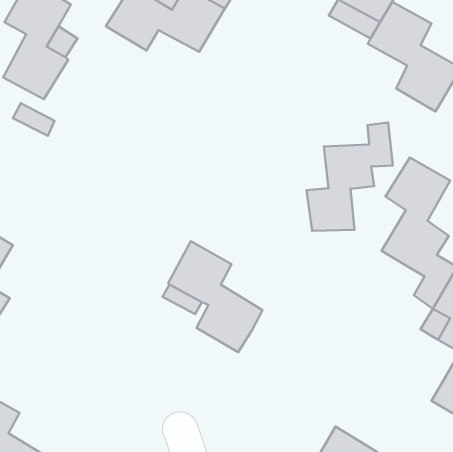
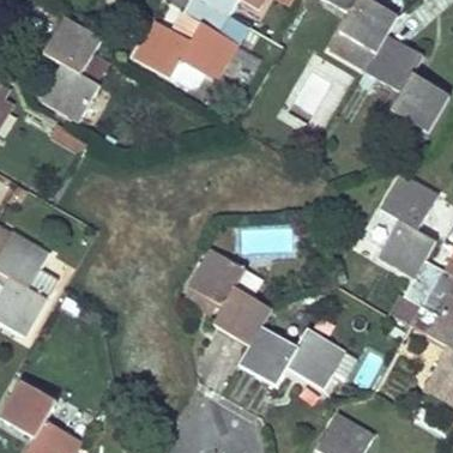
building: [307,123,393,231] -> none
building: none -> [240,327,345,389]

